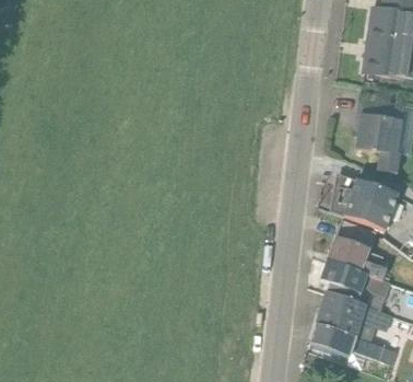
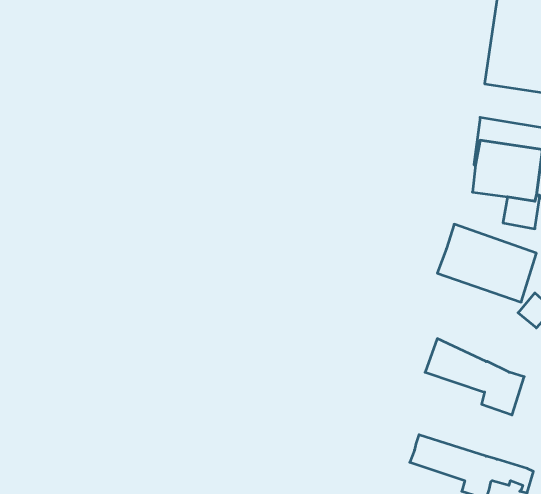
building: [328,218,385,279] -> none
building: [315,291,393,342] -> none

